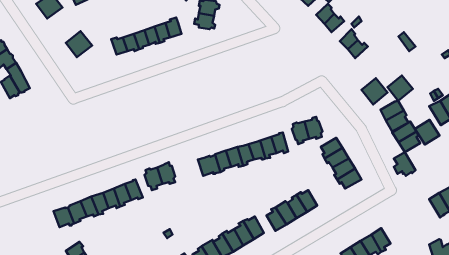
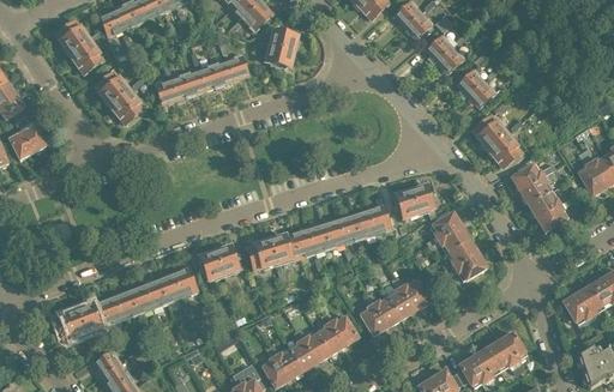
building: none -> [70,40,103,73]
building: none -> [109,90,144,123]
building: [387,75,413,101] -> [472,115,506,149]
building: [415,120,439,145] -> none
building: [394,152,416,176] -> [562,294,591,325]
building: none -> [248,241,277,270]
building: none -> [56,309,86,339]

